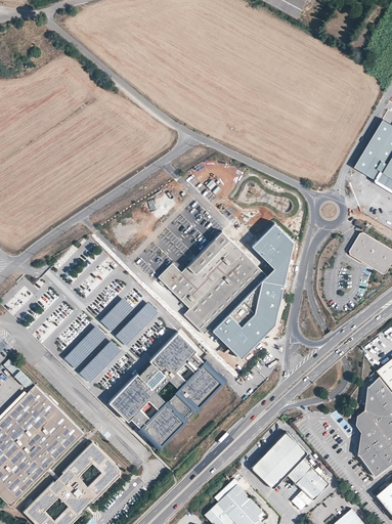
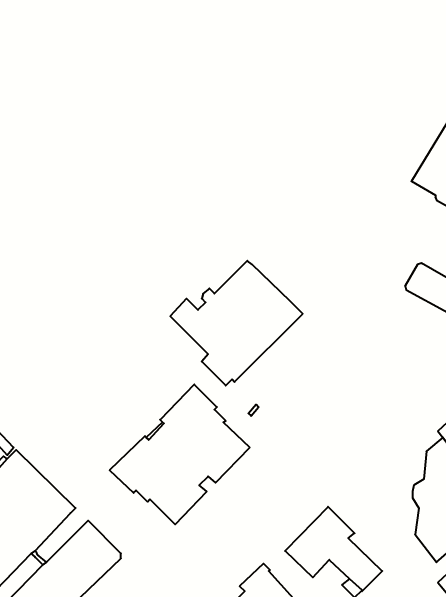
building: [213,224,294,358] -> none
building: [101,299,135,332] -> none
building: [117,302,161,347] -> none
building: [64,326,107,369] -> none
building: [80,341,123,384] -> none

